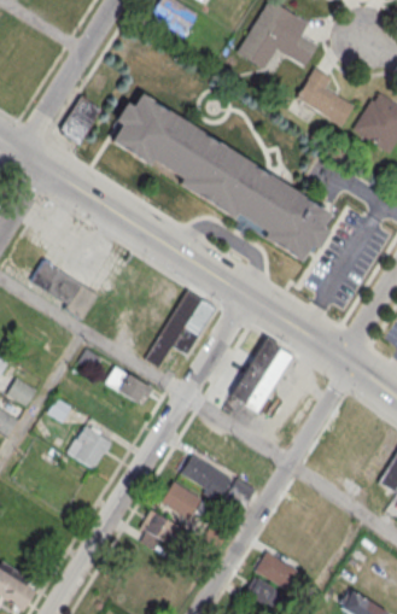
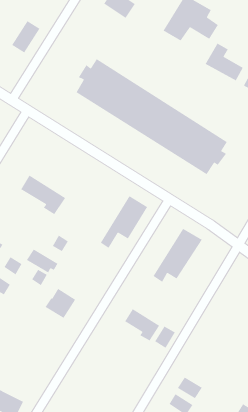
building: [60,98,103,146] -> [11,20,40,53]
building: [104,366,151,402] -> [26,248,58,273]
building: [162,481,202,519] -> none
building: [138,513,182,552] -> none

